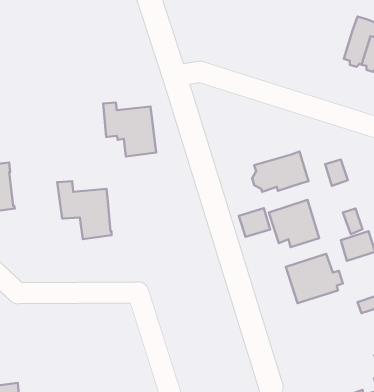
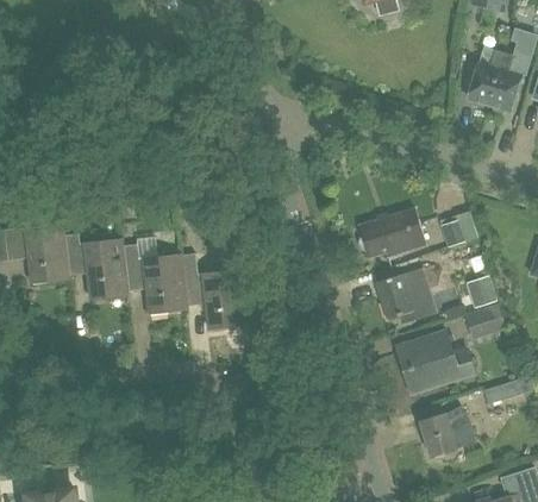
building: [103,102,156,157] -> [181,263,245,328]
building: none -> [62,232,127,297]
building: [239,208,270,237] -> none
building: none -> [420,407,473,457]

